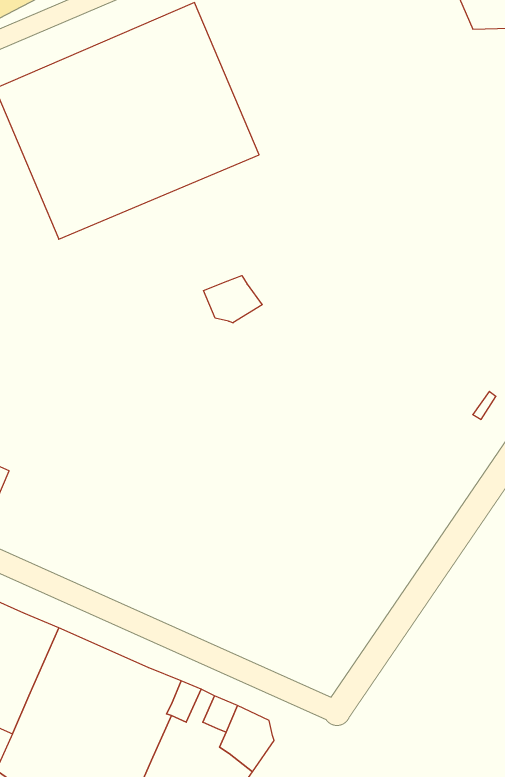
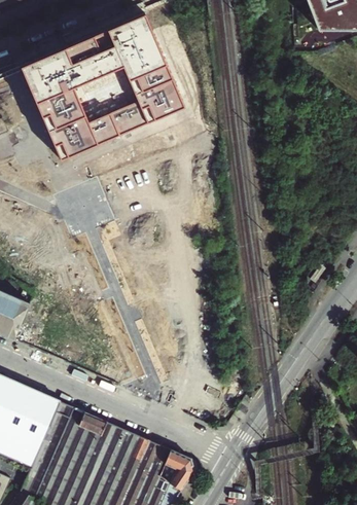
building: [204,276,262,323] -> none

